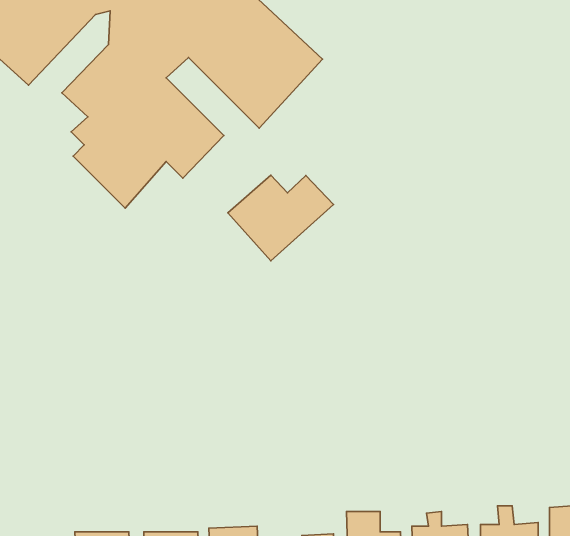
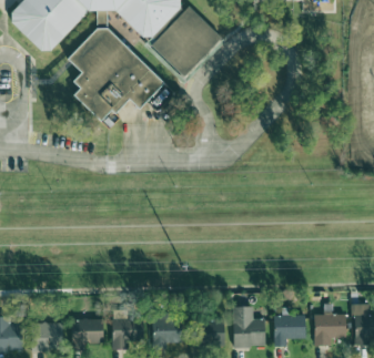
building: [228,175,333,261] -> none

